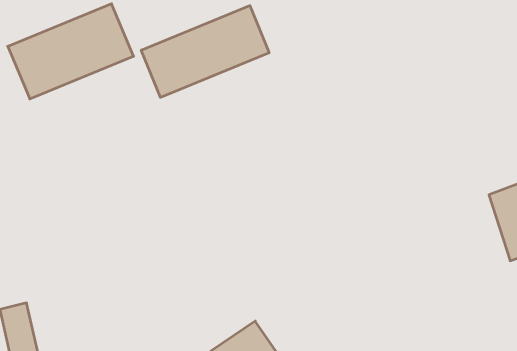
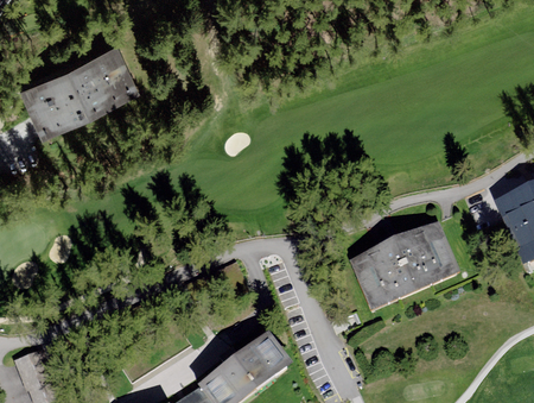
building: [141,6,269,97] -> none
building: none -> [347,219,457,306]

